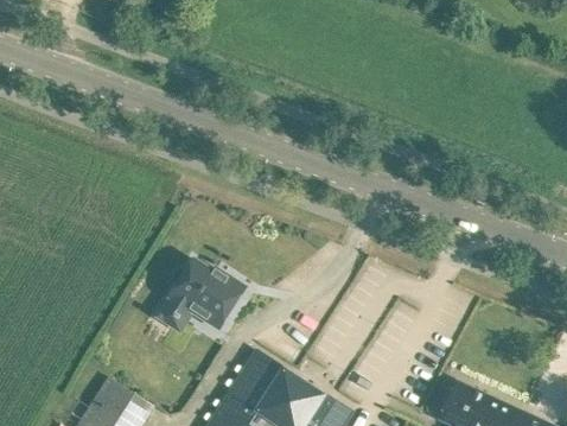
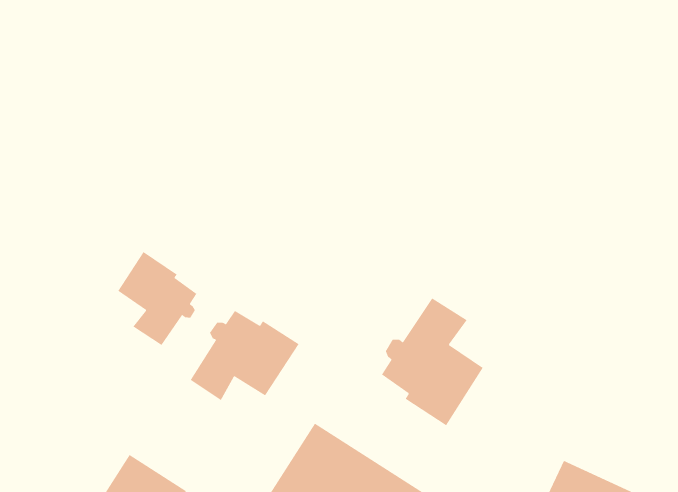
building: none -> [117,251,197,346]
building: none -> [381,298,484,426]

